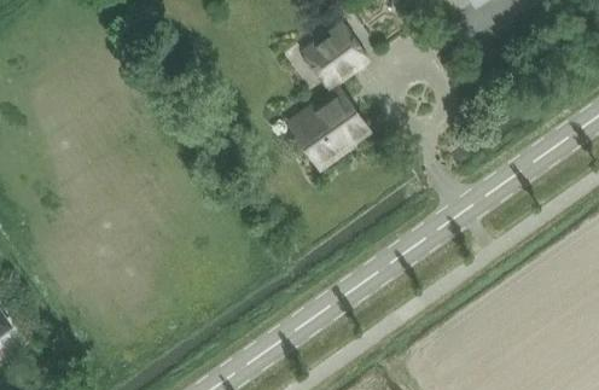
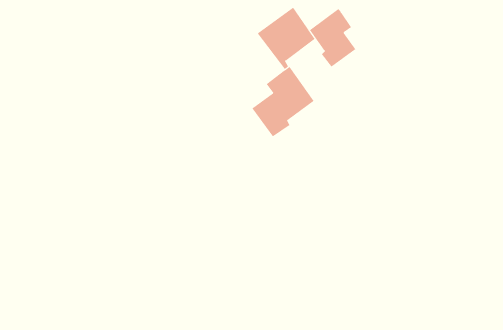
building: none -> [309,8,356,67]

